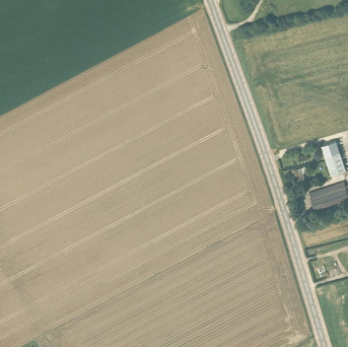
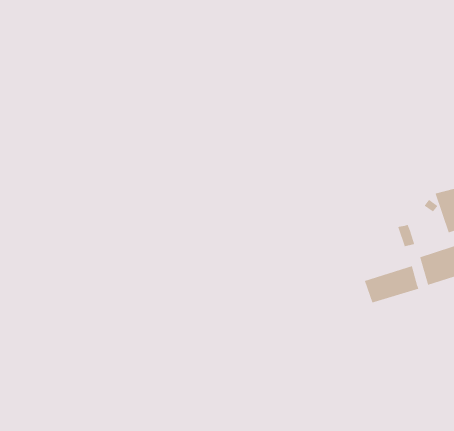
building: none -> [364,265,420,304]

